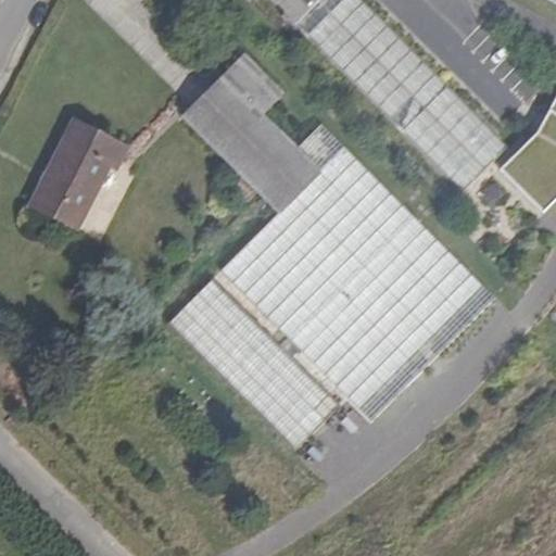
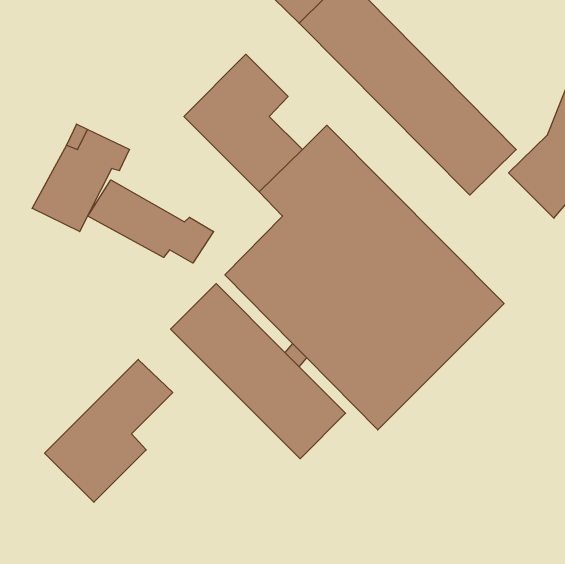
building: none -> [88,180,214,263]
building: none -> [45,359,173,502]

